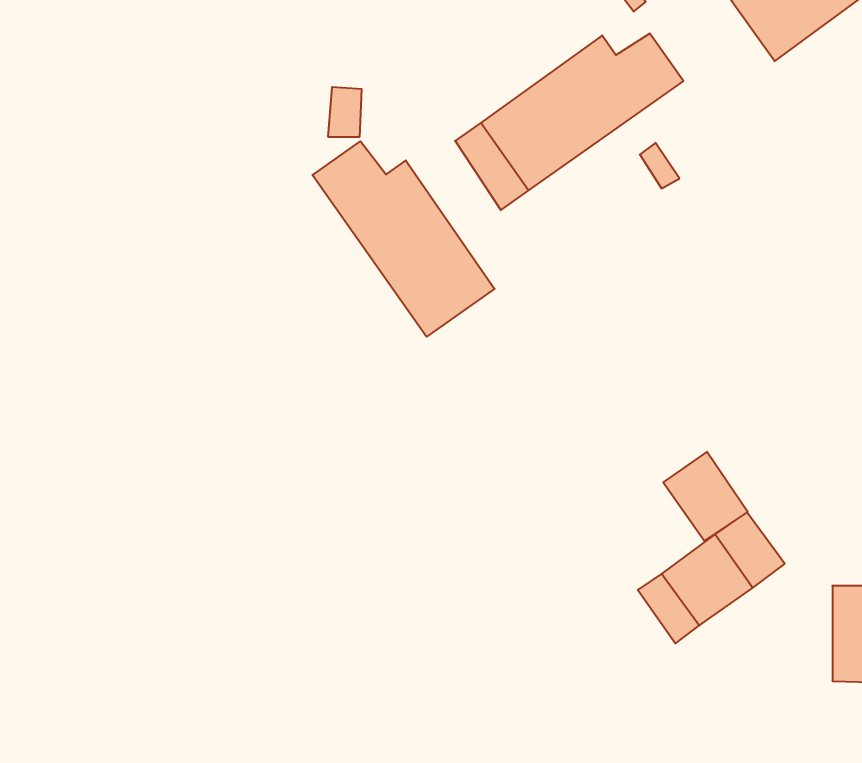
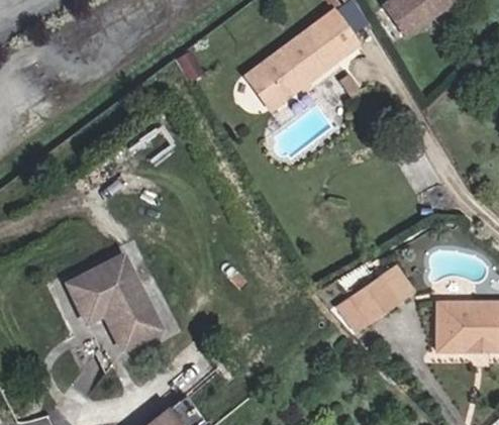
building: [312,141,495,337] -> none
building: [663,452,748,541] -> none
building: none -> [68,257,157,346]

